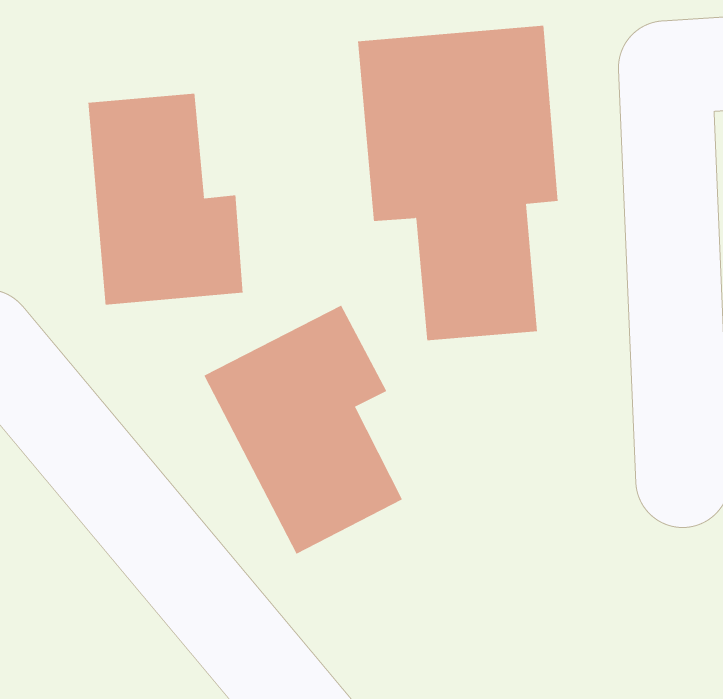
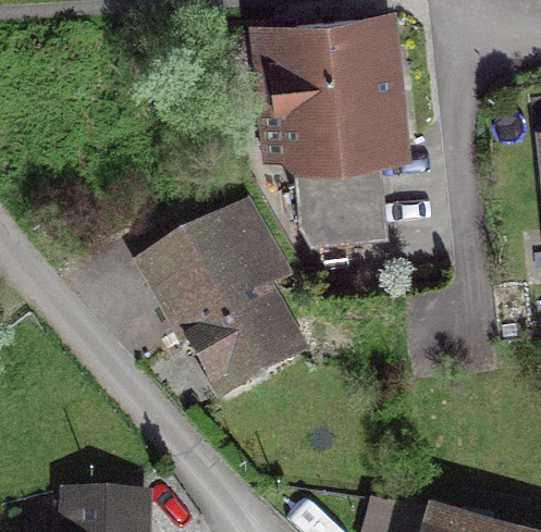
building: [88,93,243,306] -> none

